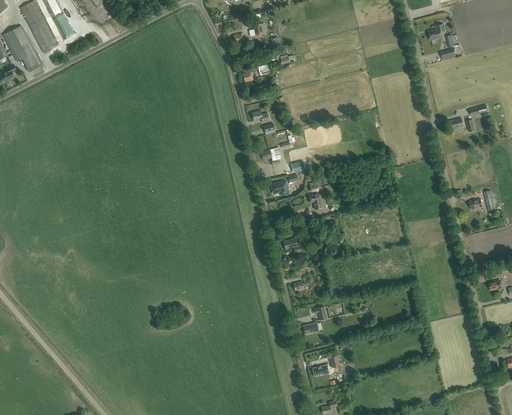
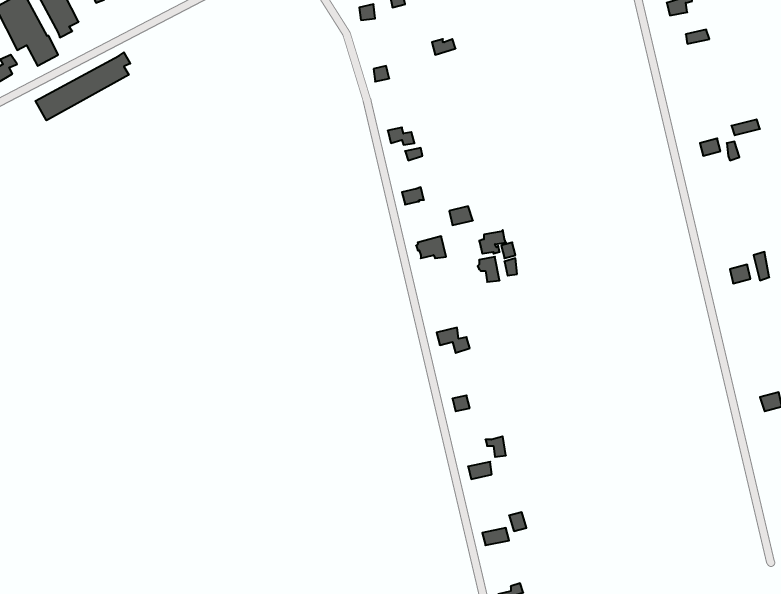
building: none -> [35,52,130,120]

